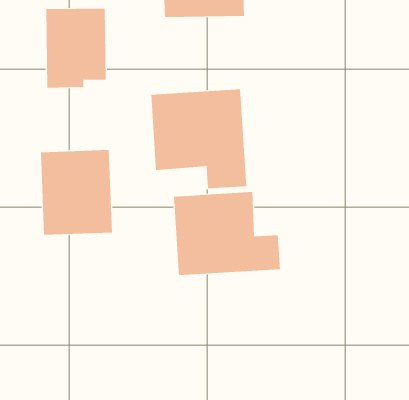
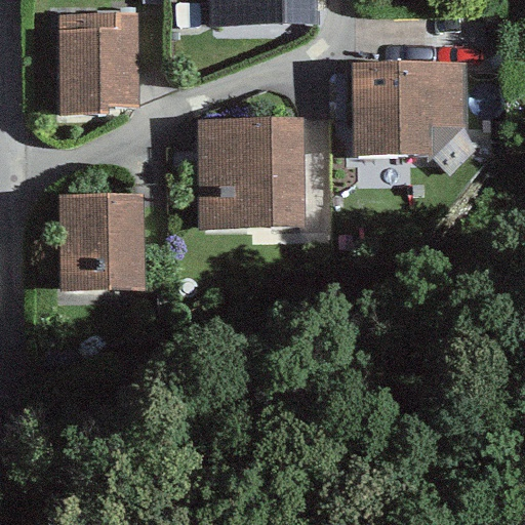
building: none -> [353,63,467,167]
building: [173,191,280,276] -> none

